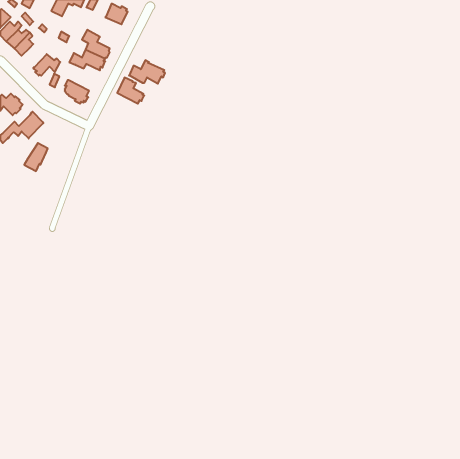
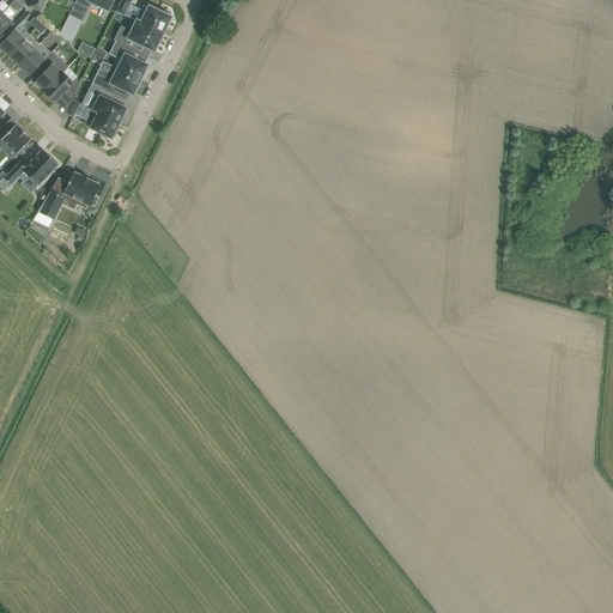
building: none -> [35,51,67,90]
building: [129,60,165,84] -> [115,19,163,50]
building: [117,78,144,104] -> [91,86,127,121]
building: none -> [63,171,101,206]

